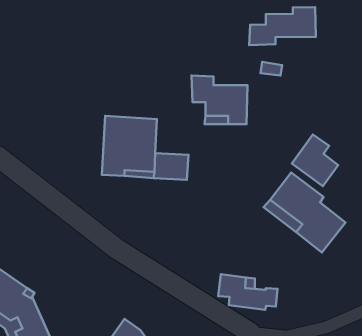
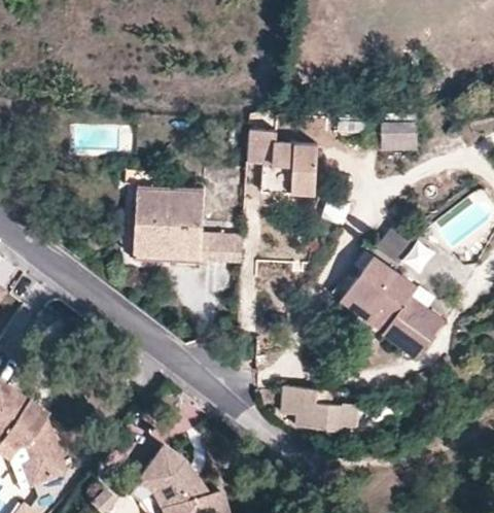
building: [249,7,316,45] -> none
building: none -> [381,122,417,150]

